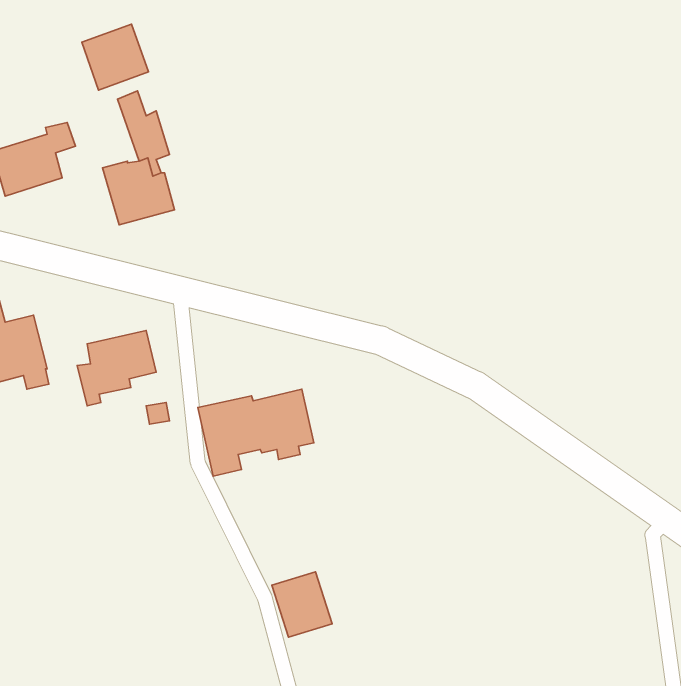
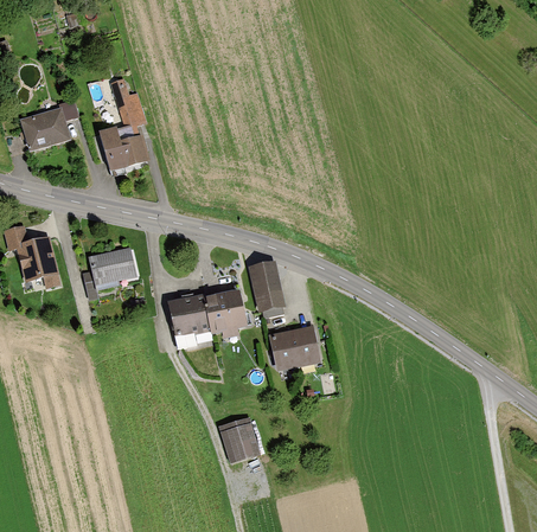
building: [82,24,148,90] -> none
building: none -> [248,261,286,318]
building: none -> [268,325,321,372]

